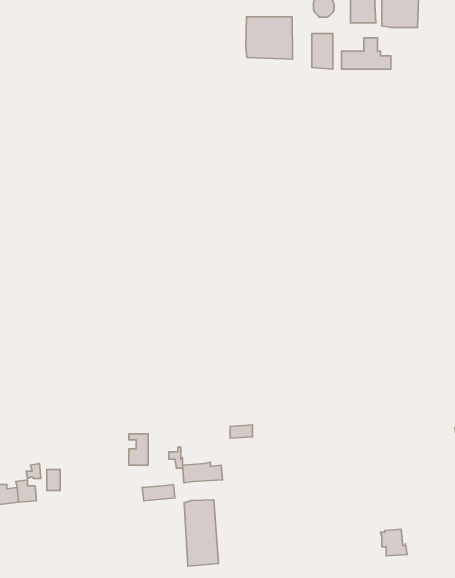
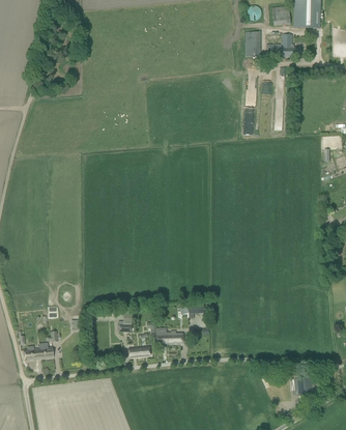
building: [246,17,293,59] -> none
building: [184,500,219,566] -> none

